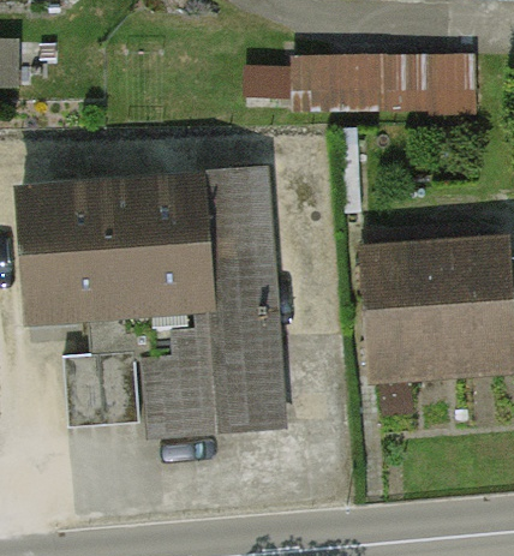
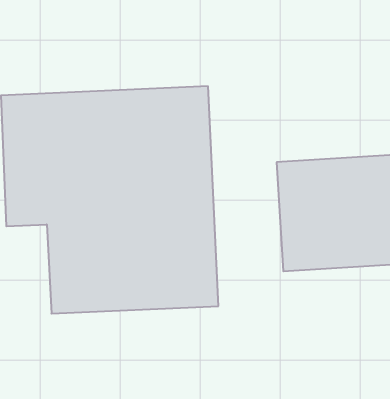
building: [298,55,477,116] -> none

